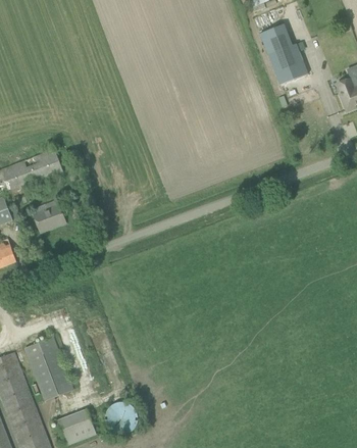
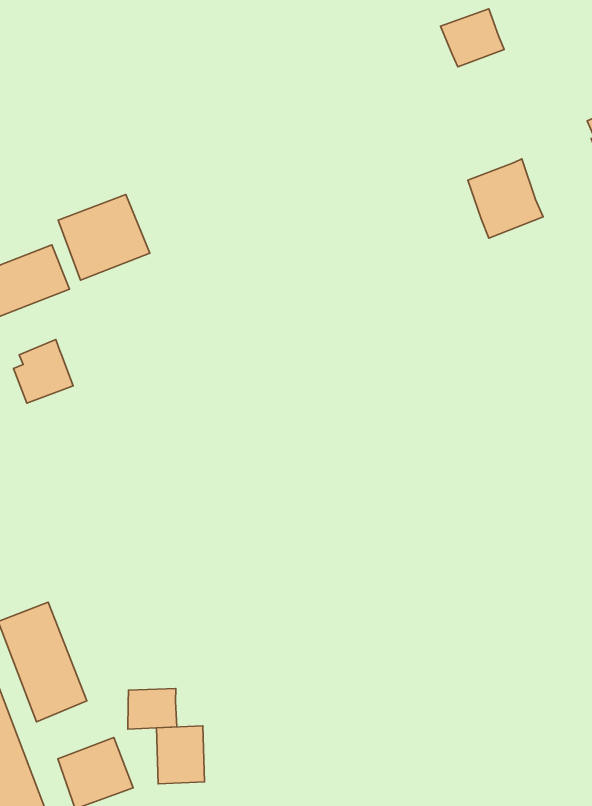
building: [267,43,307,85] -> [468,159,543,238]
building: none -> [58,195,150,280]
building: none -> [128,688,177,729]

